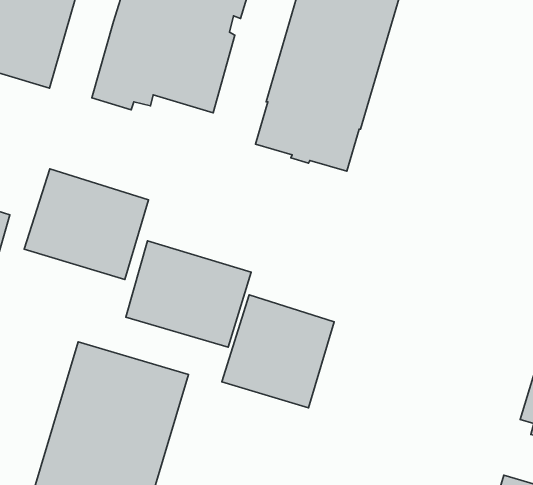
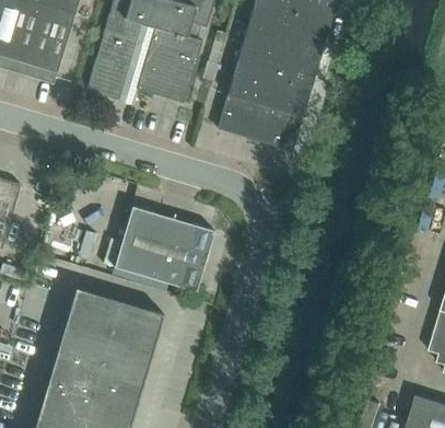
building: [24,169,148,279] -> none
building: [222,295,334,408] -> none

